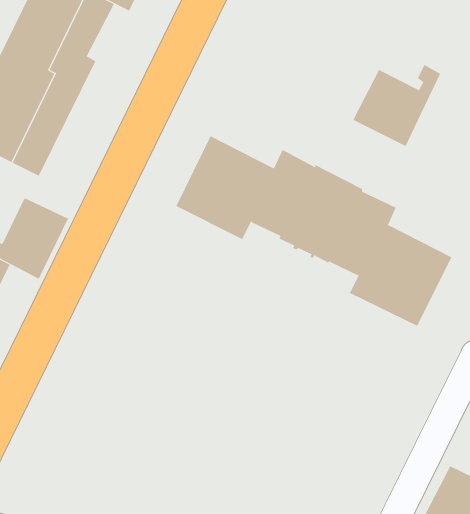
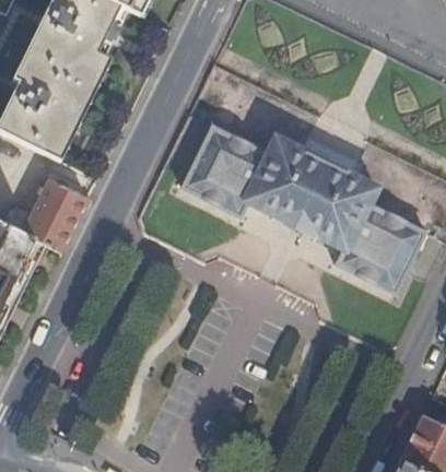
building: [353,64,441,147] -> none

